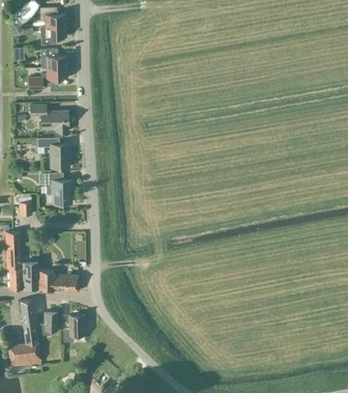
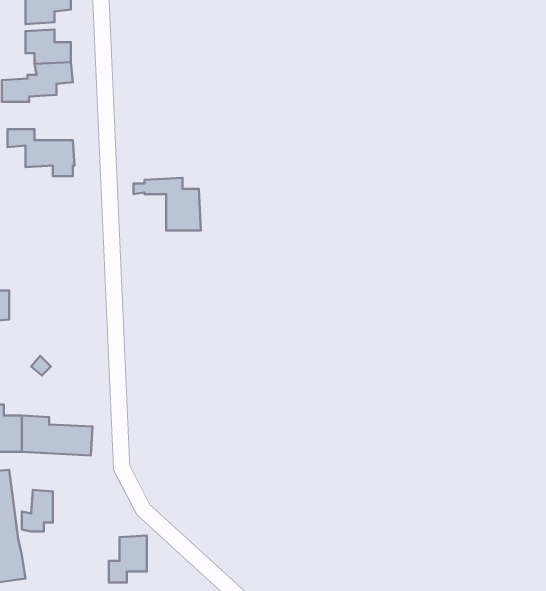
building: [31,135,69,165] -> [134,178,201,231]
building: [41,170,71,201] -> none
building: [62,312,84,339] -> [109,535,147,583]

